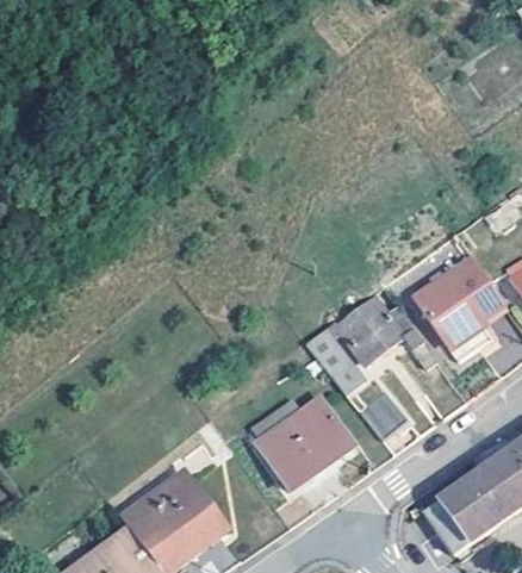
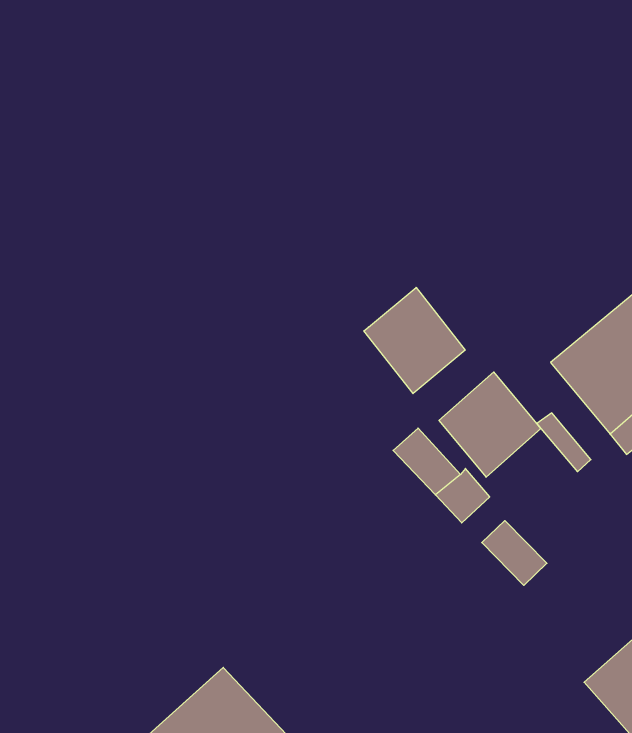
building: none -> [364,287,465,394]
building: [255,398,355,492] -> none

